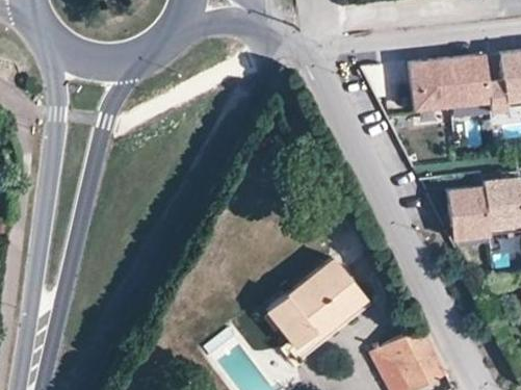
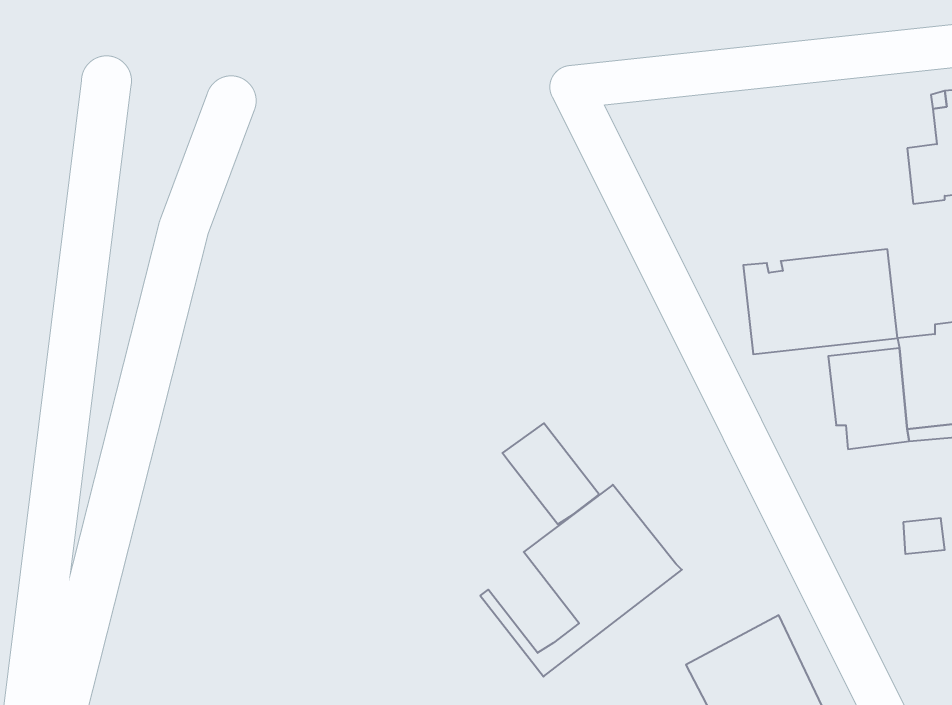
building: [410,54,491,109] -> [743,249,897,354]
building: [265,294,316,347] -> [502,423,599,524]

